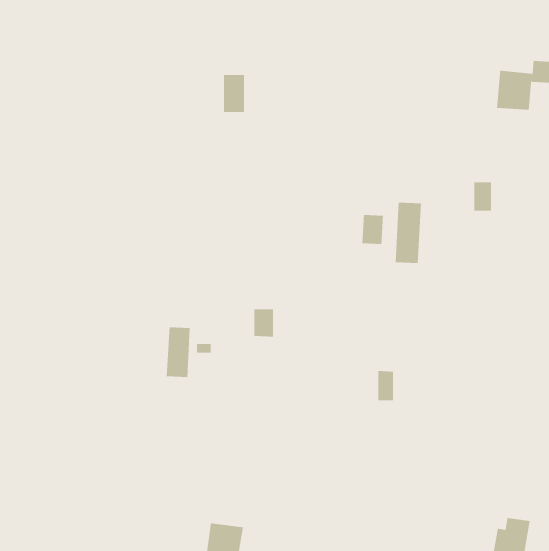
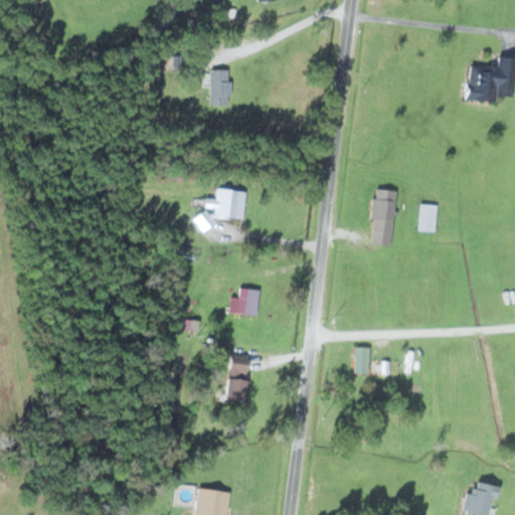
building: [473,182,492,211] -> [419,205,437,232]
building: none -> [197,190,244,231]
building: [362,214,384,245] -> none
building: [166,327,190,378] -> [224,353,247,400]

